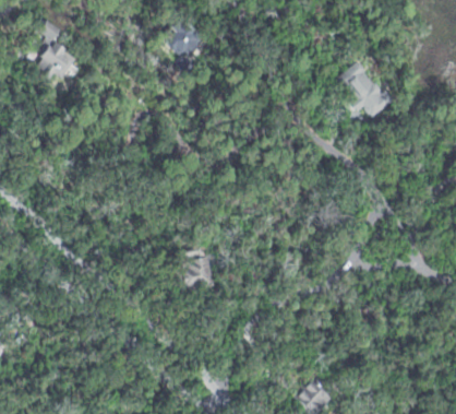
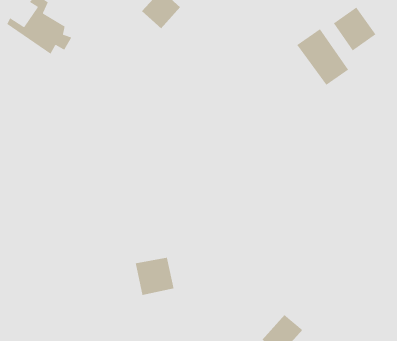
building: none -> [333,6,376,51]
building: [170,252,214,295] -> [135,257,174,296]

